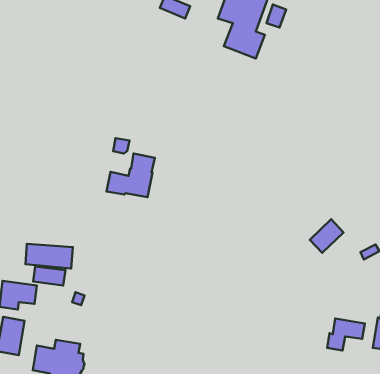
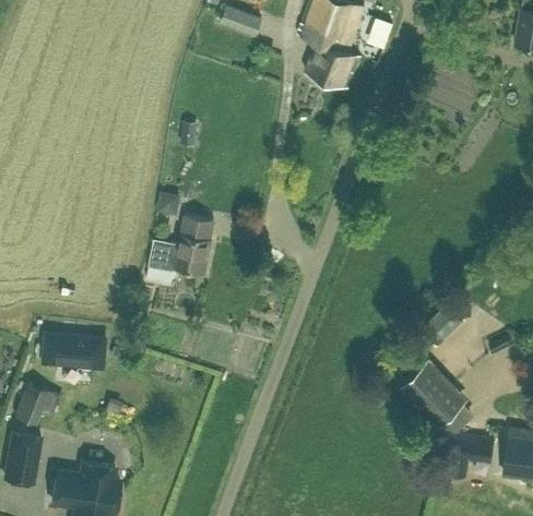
building: none -> [400,360,469,430]
building: [33,266,65,286] -> none

